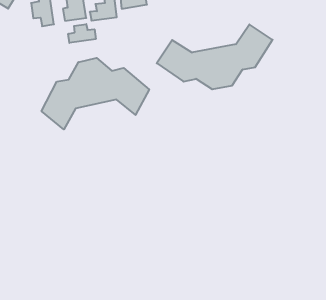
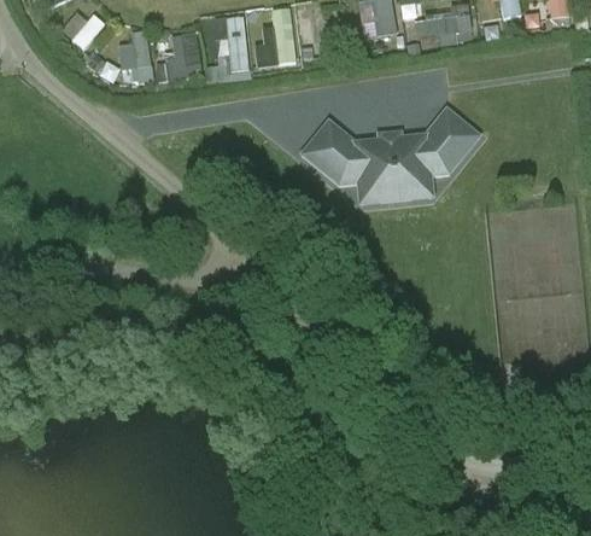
building: [68,24,96,43] -> none
building: [42,58,149,129] -> none

